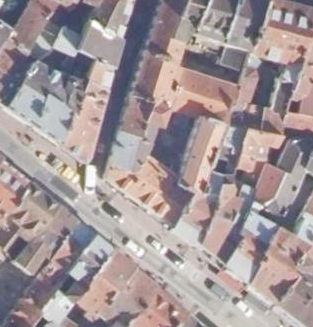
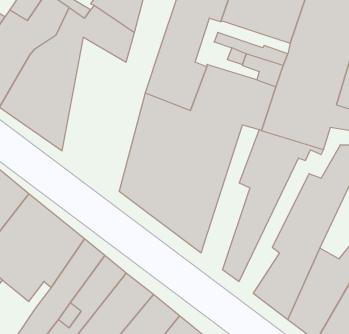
building: [61,49,115,164] -> none
building: [178,123,227,245] -> none
building: [210,151,274,265] -> none

